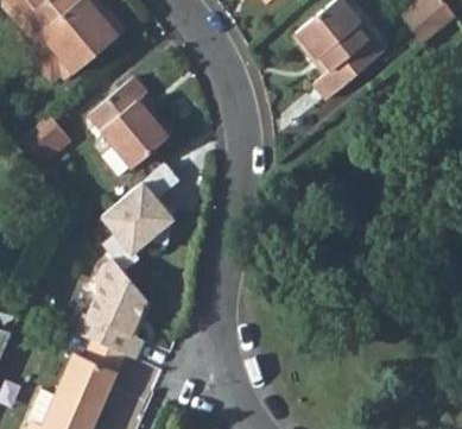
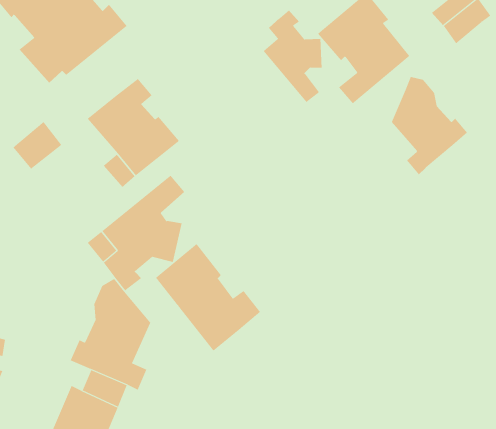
building: none -> [263,10,322,103]
building: none -> [391,76,468,175]
building: none -> [155,243,261,351]

